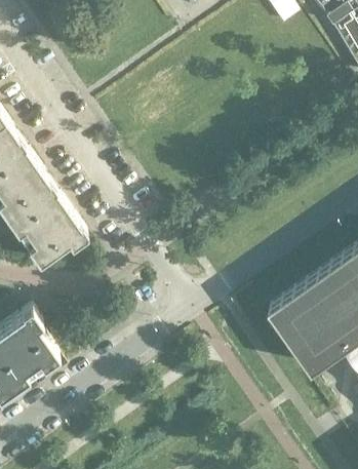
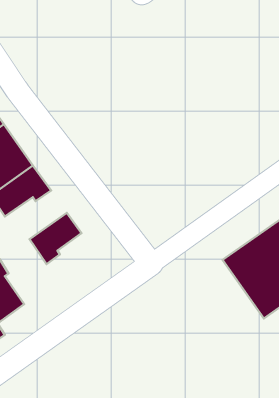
building: none -> [30,213,82,264]

